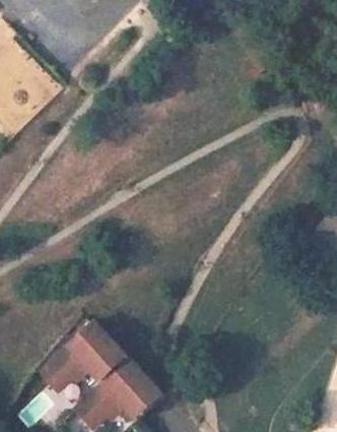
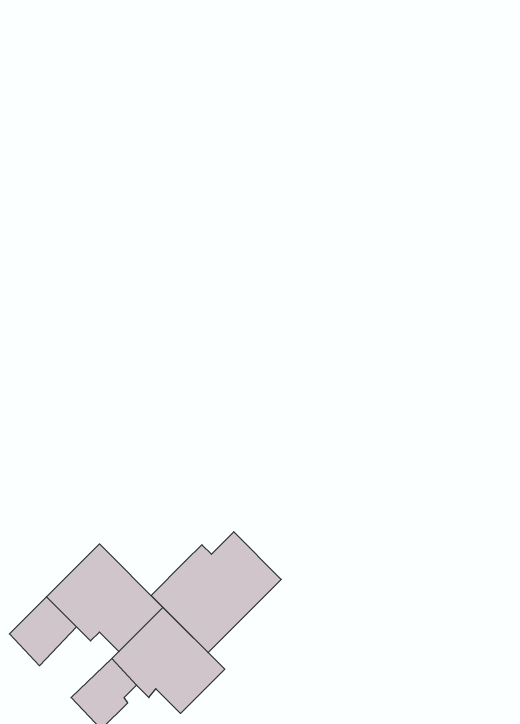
building: none -> [151,532,281,653]

